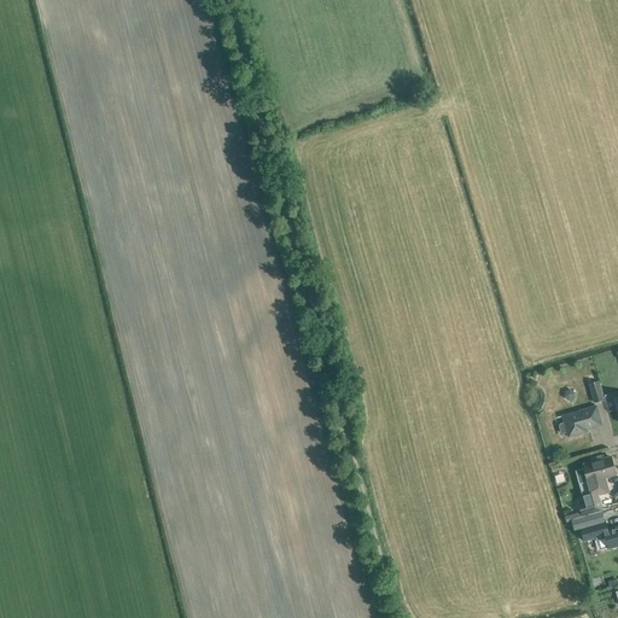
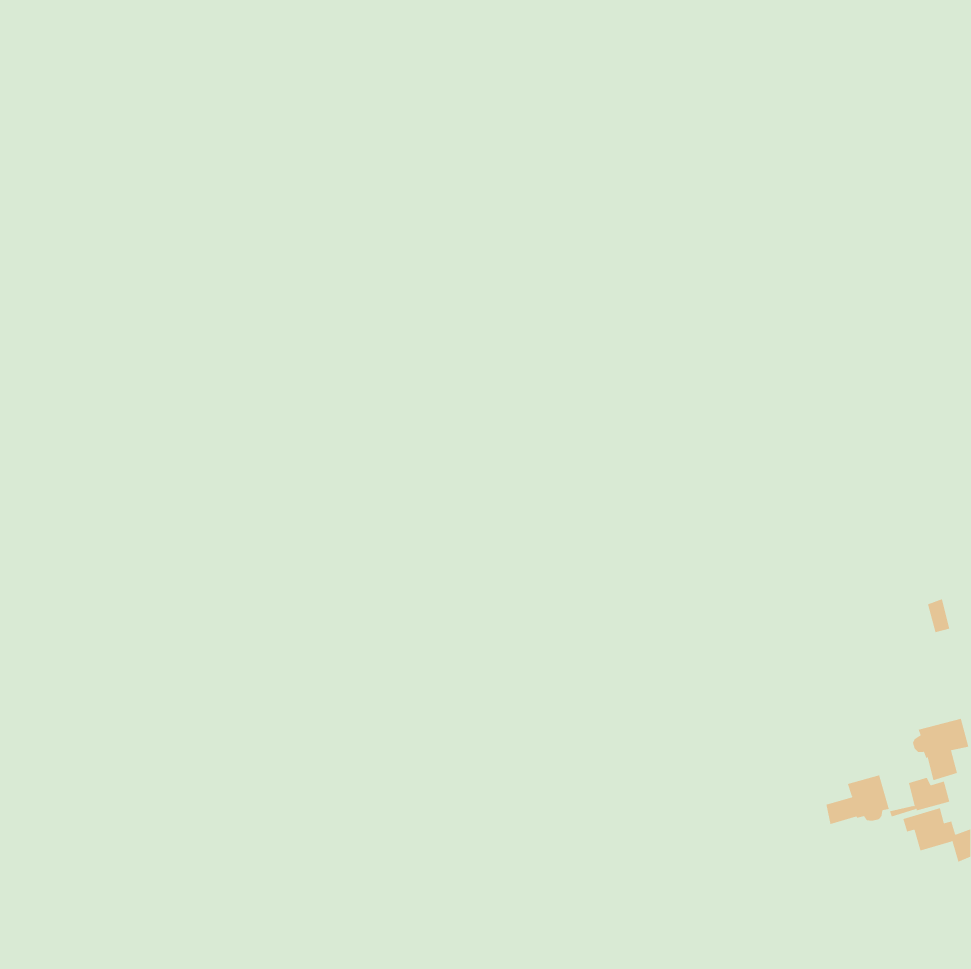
building: [558,404,601,436] -> none
building: none -> [826,774,890,825]

